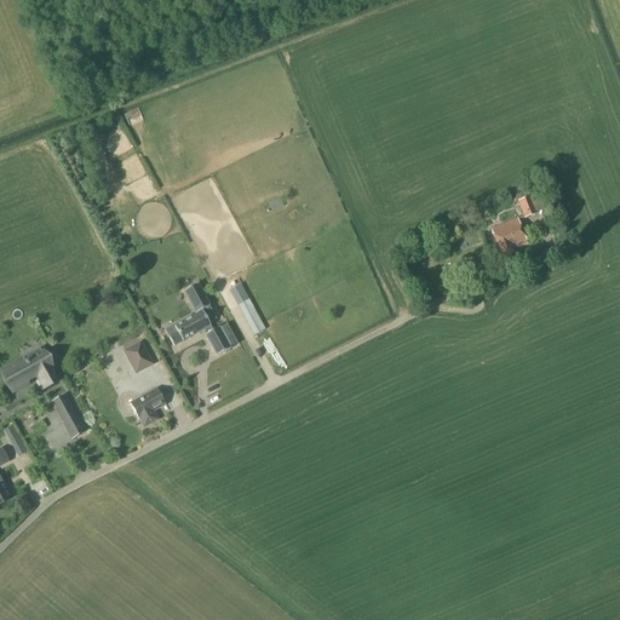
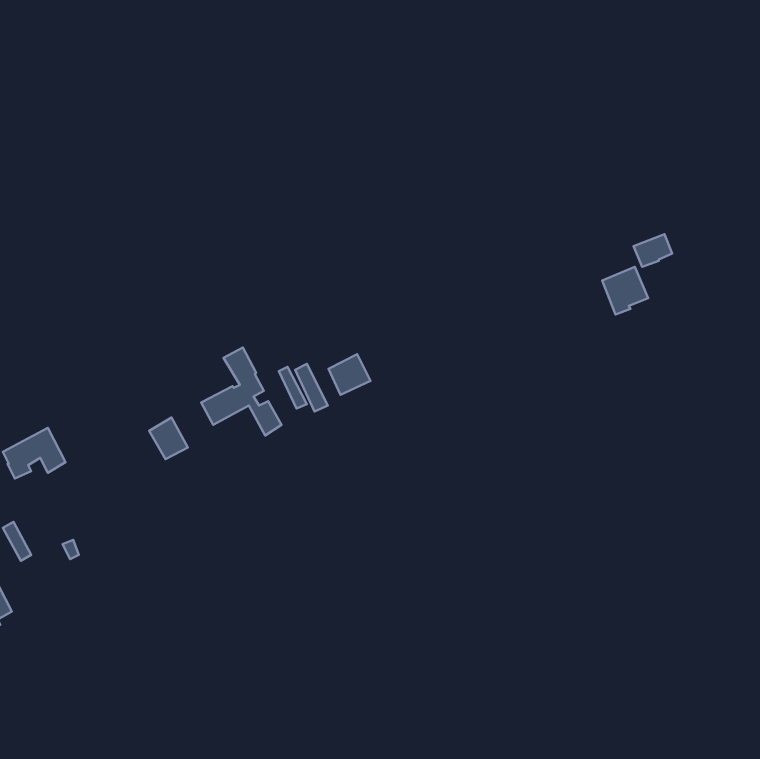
building: none -> [328,354,370,395]
building: [128,388,163,426] -> none
building: [50,392,86,437] -> none

